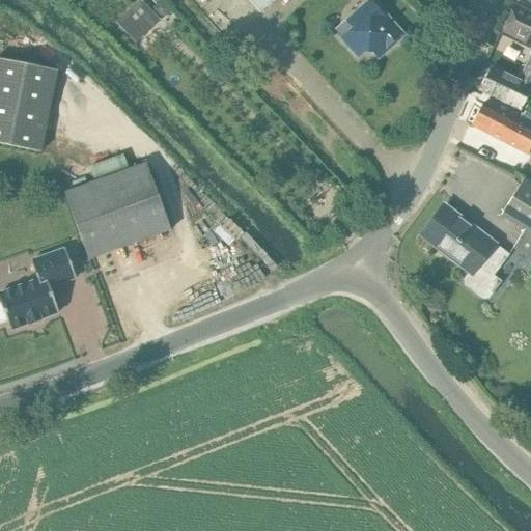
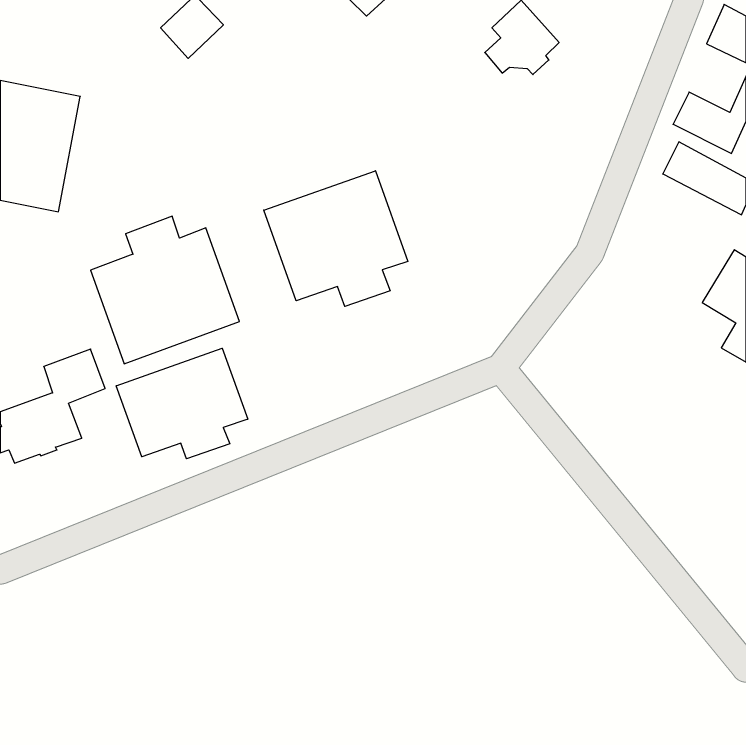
building: none -> [264,171,408,306]
building: [420,203,508,300] -> none
building: none -> [116,348,248,459]

